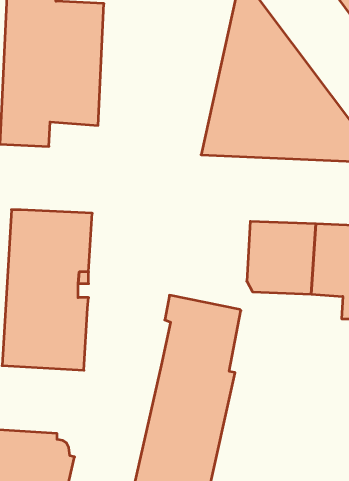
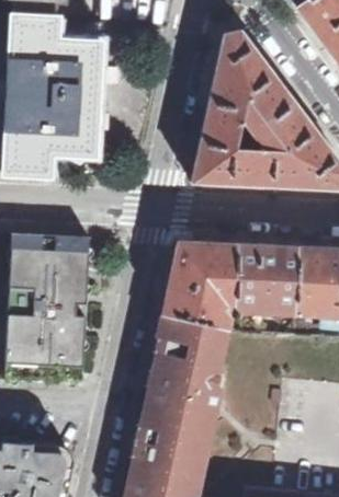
building: none -> [161,241,237,326]

